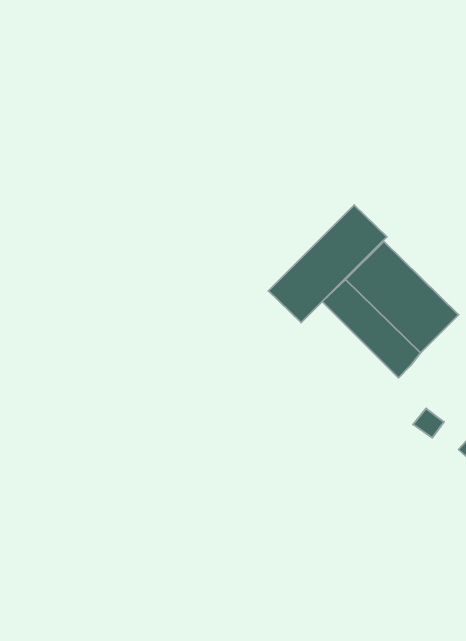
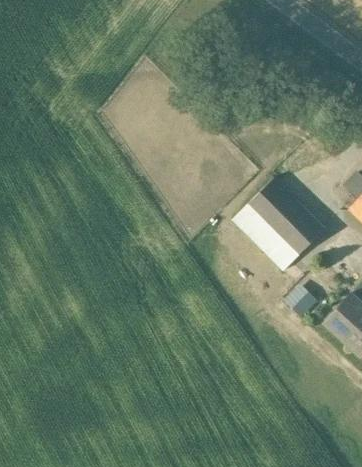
building: [268,205,387,323] -> none

